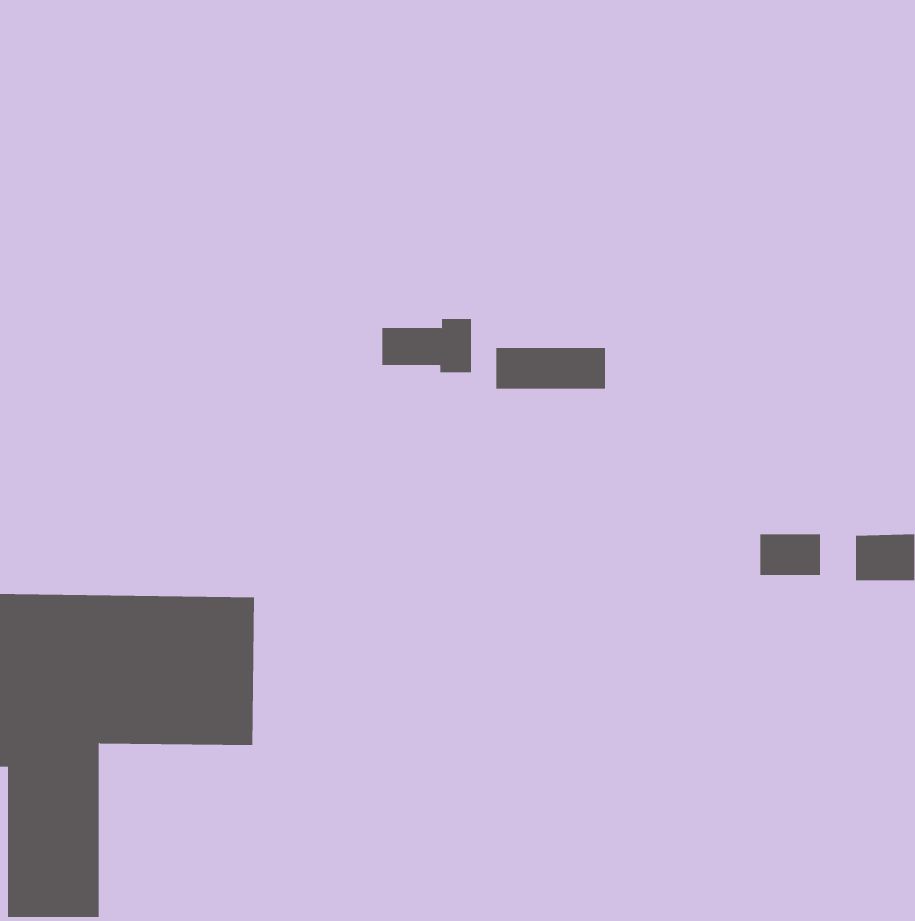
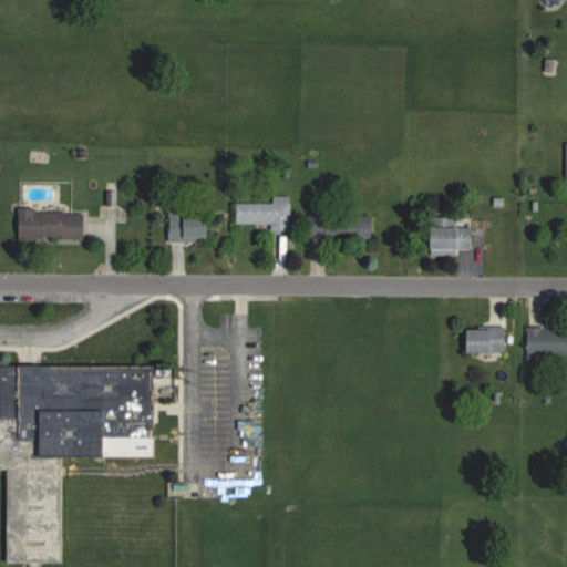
building: none -> [167,209,208,243]
building: none -> [17,212,82,240]
building: none -> [432,229,472,256]

